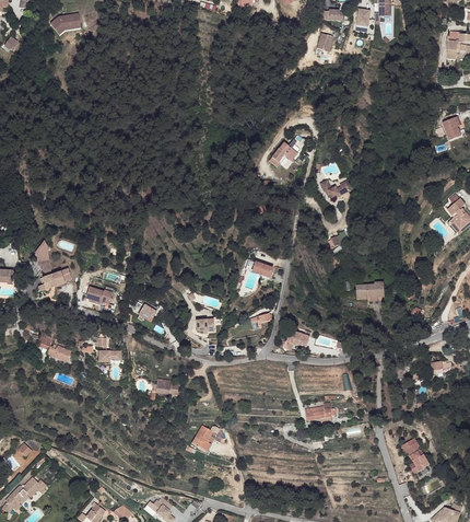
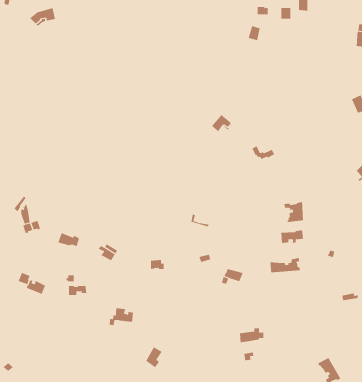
building: none -> [284,201,303,223]
building: none -> [270,257,301,273]

